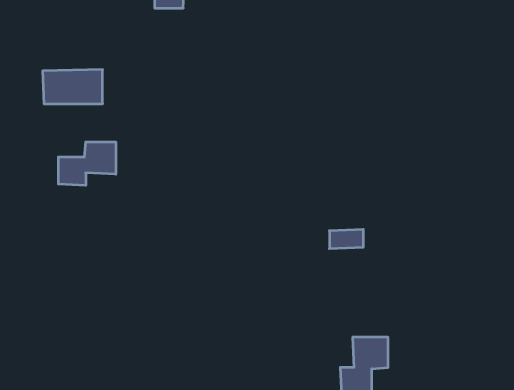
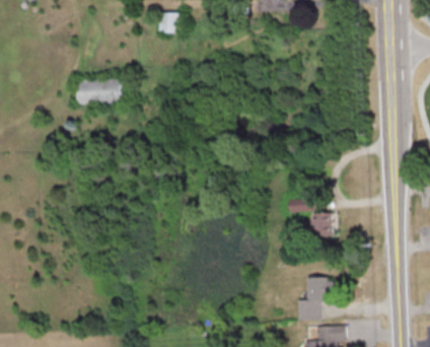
building: [58,142,116,185] -> none
building: none -> [312,212,334,236]

